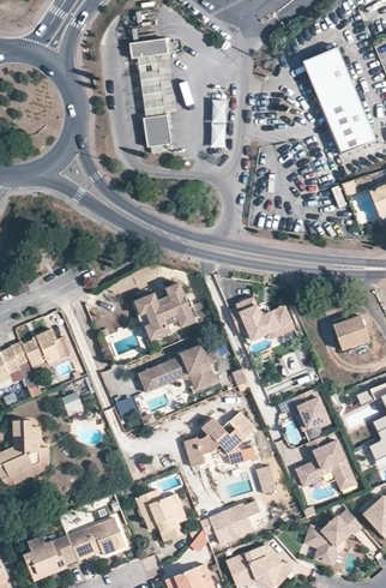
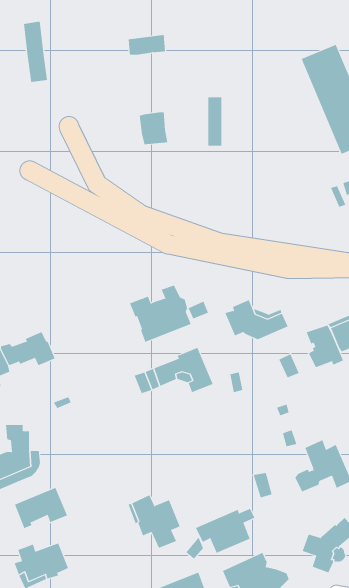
building: [143,56,167,116] -> [23,21,48,83]
building: [294,388,331,430] -> [306,325,344,368]
building: [185,413,254,467] -> none
building: [67,520,120,560] -> [14,487,68,529]

